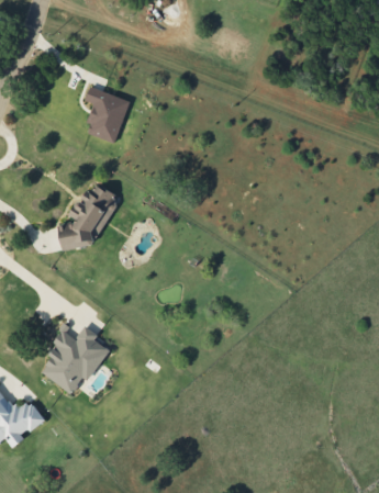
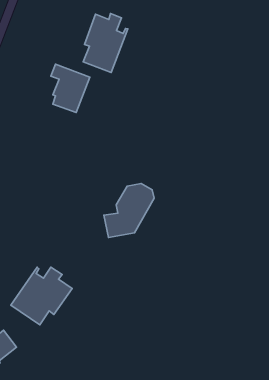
building: none -> [83,14,128,73]
building: [57,187,116,250] -> [104,183,154,237]

